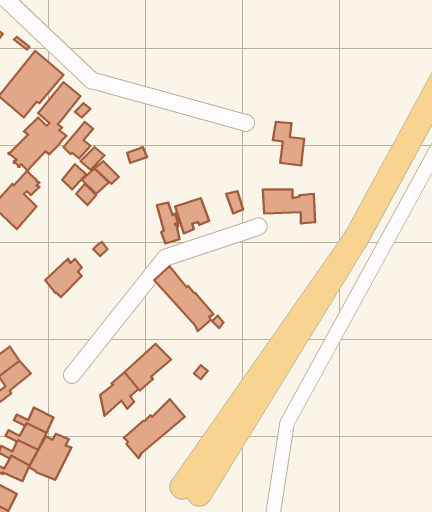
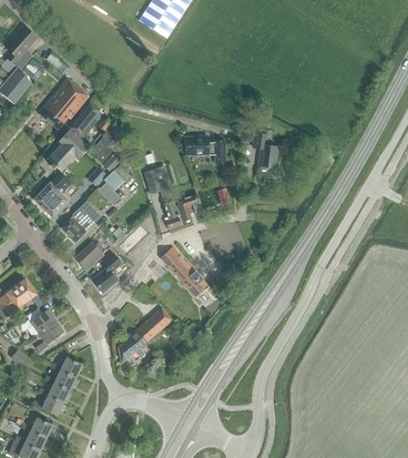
building: none -> [144,165,173,193]
building: [263,190,315,224] -> [185,136,226,163]
building: none -> [61,203,93,242]
building: none -> [92,253,122,293]
building: [124,399,185,458] -> none
building: [29,434,72,480] -> none

